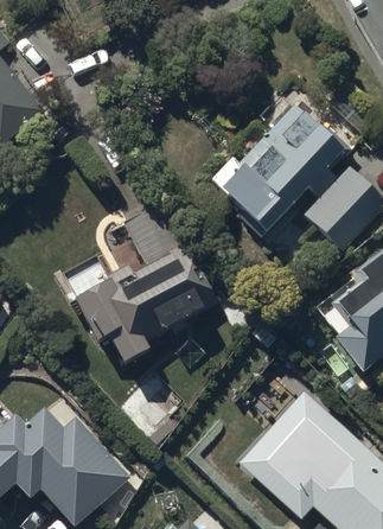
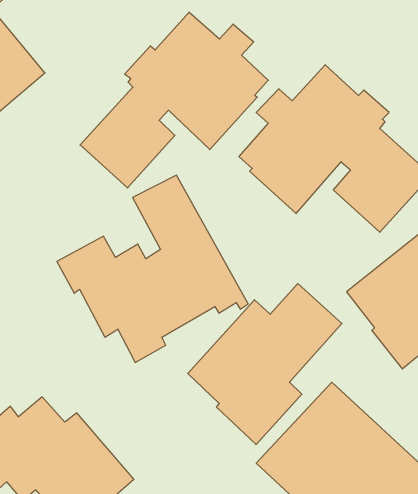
building: none -> [80,12,268,188]
building: none -> [188,284,342,445]

